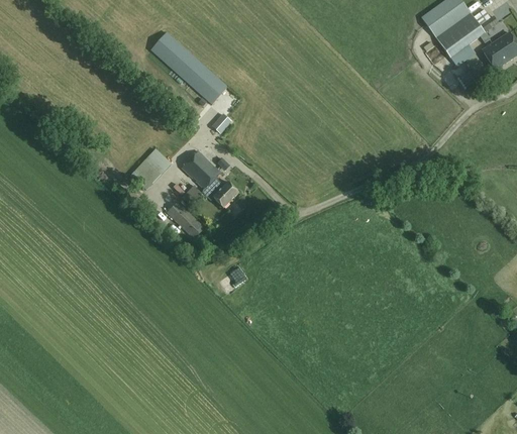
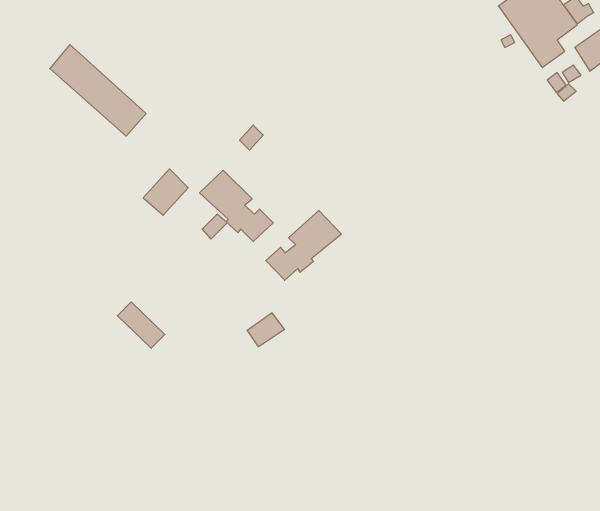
building: [150,30,228,104] -> [50,45,146,136]
building: none -> [266,210,341,280]
building: [167,201,205,238] -> [117,302,165,348]

